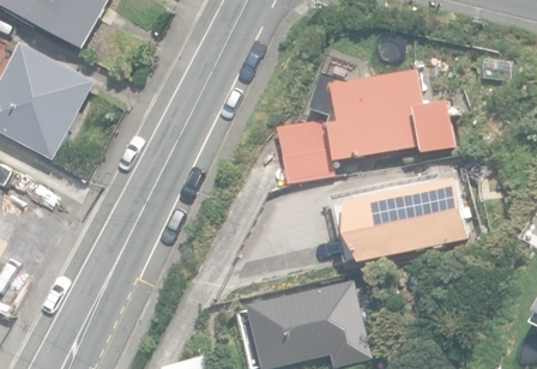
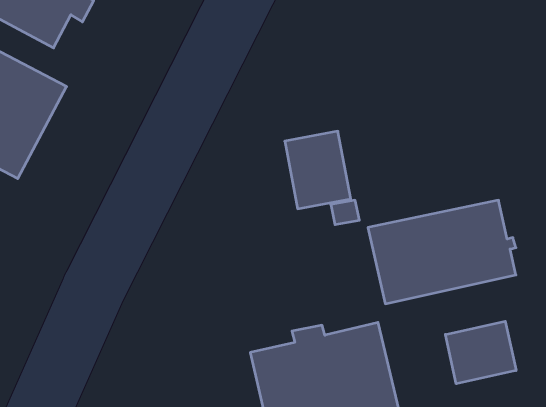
building: [308,71,455,161] -> none
building: none -> [445,321,516,384]

